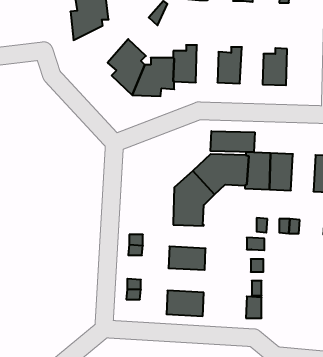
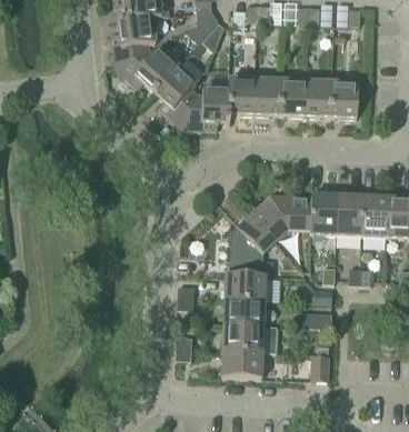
building: none -> [114,48,177,92]
building: none -> [253,72,279,114]
building: none -> [303,74,330,117]
building: [211,131,255,152] -> none
building: none -> [361,195,389,238]
building: none -> [223,273,265,302]
building: none -> [221,324,276,353]

